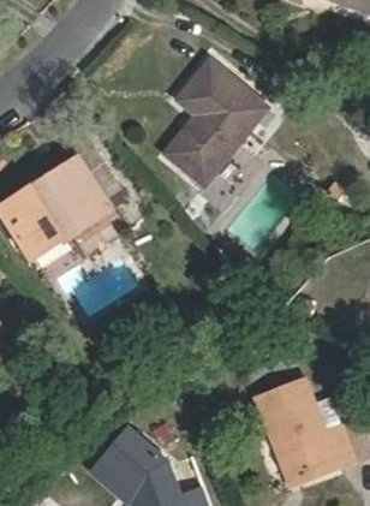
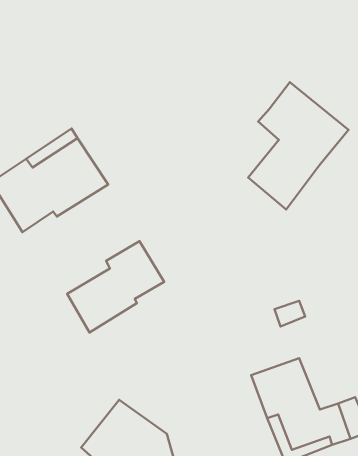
building: [167,61,265,186] -> [248,82,349,209]
building: none -> [67,241,164,332]

